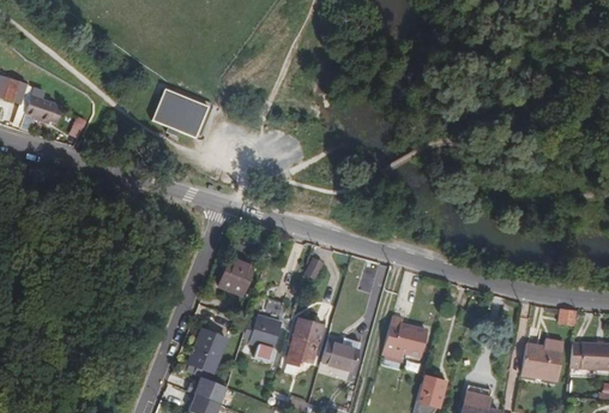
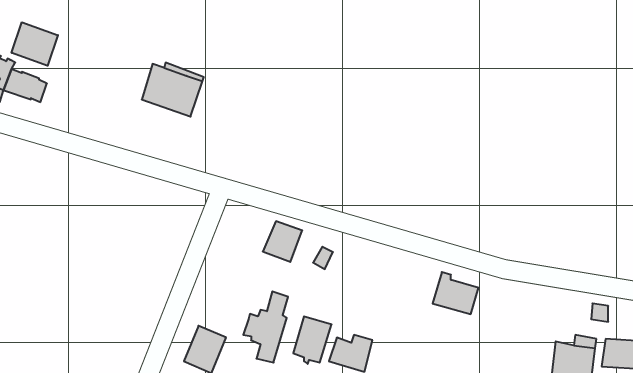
building: none -> [12,22,58,66]
building: [218,258,254,295] -> [263,221,302,262]
building: [384,317,426,355] -> [433,272,479,314]

